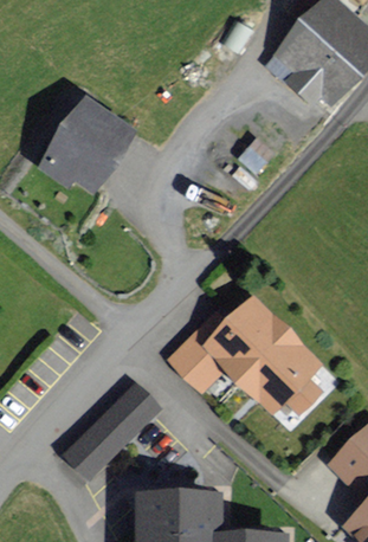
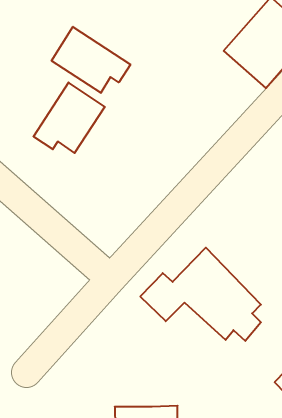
building: none -> [52,27,130,93]
building: [67,388,155,475] -> none

